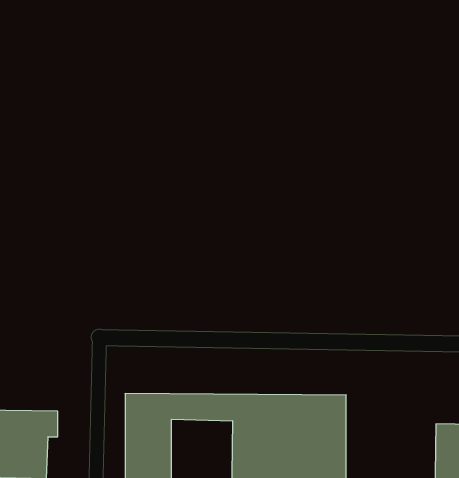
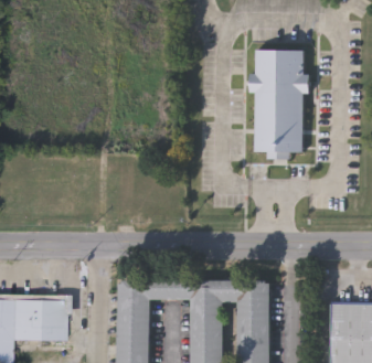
building: none -> [254,50,307,158]

